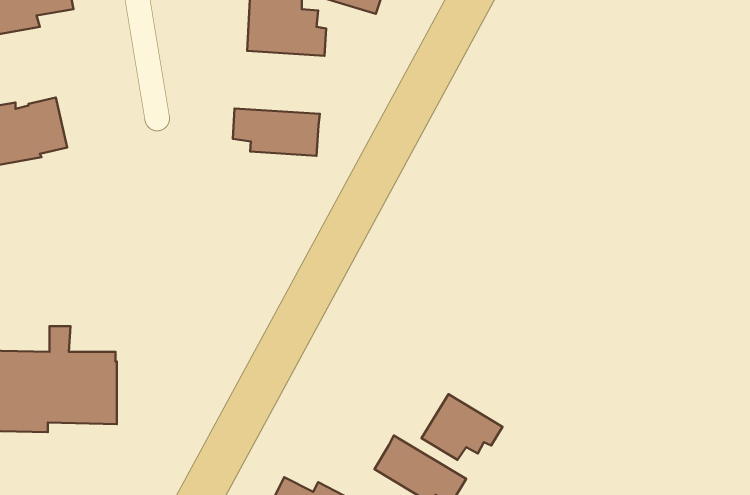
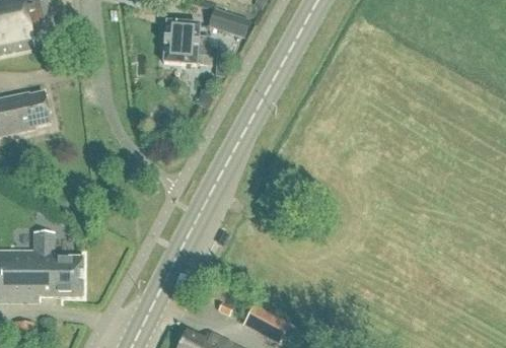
building: [233,109,320,156] -> none
building: [421,394,502,460] -> none

